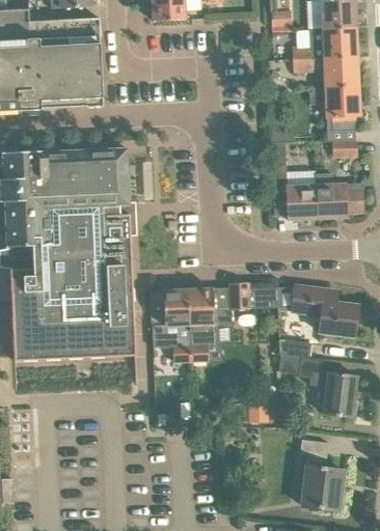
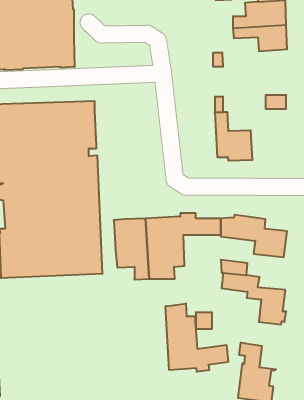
building: [323,86,359,130] -> none
building: [314,174,362,219] -> none
building: none -> [166,303,228,372]

